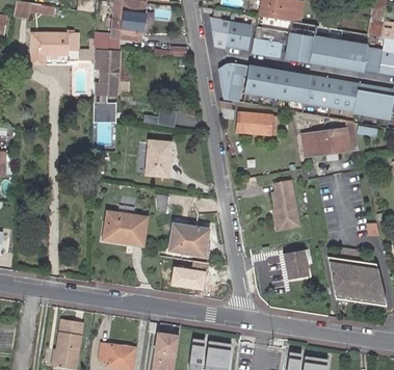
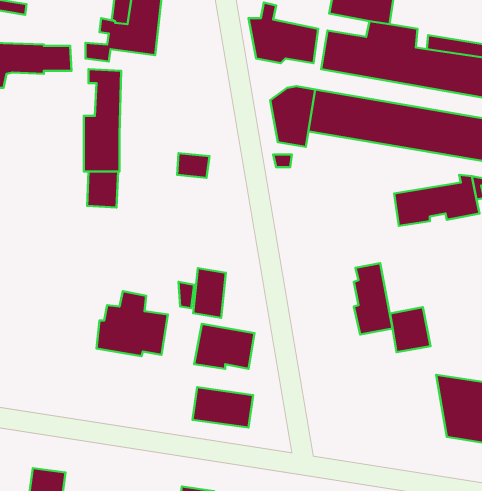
building: [235,113,274,134] -> none
building: [146,141,167,175] -> [193,268,226,318]
building: [284,249,311,280] -> [390,307,431,352]

